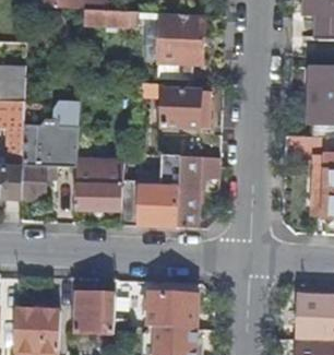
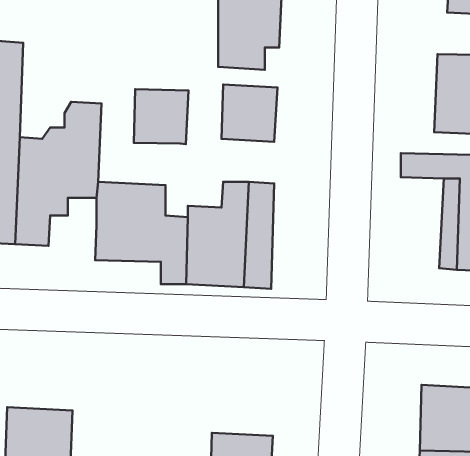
building: none -> [134,89,189,144]
building: [75,289,115,332] -> none
building: [147,293,198,328] -> none

